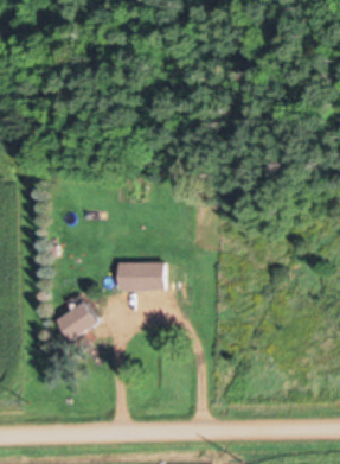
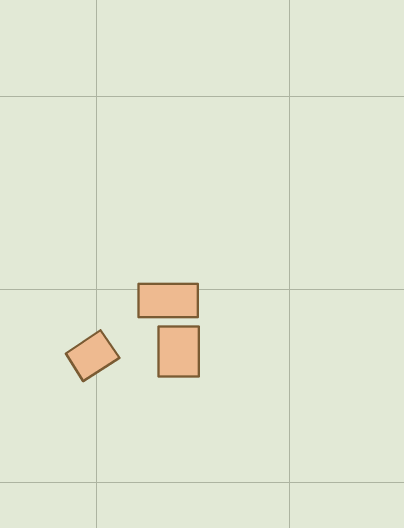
building: none -> [158,327,199,376]

